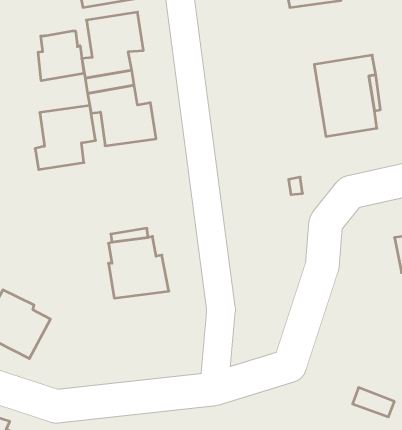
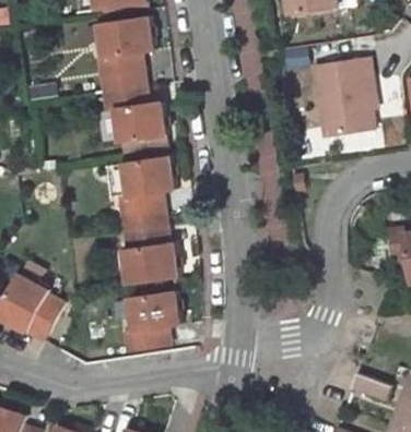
building: [38,31,84,81] -> none
building: [35,106,96,170] -> [115,159,172,219]
building: none -> [125,293,180,353]

